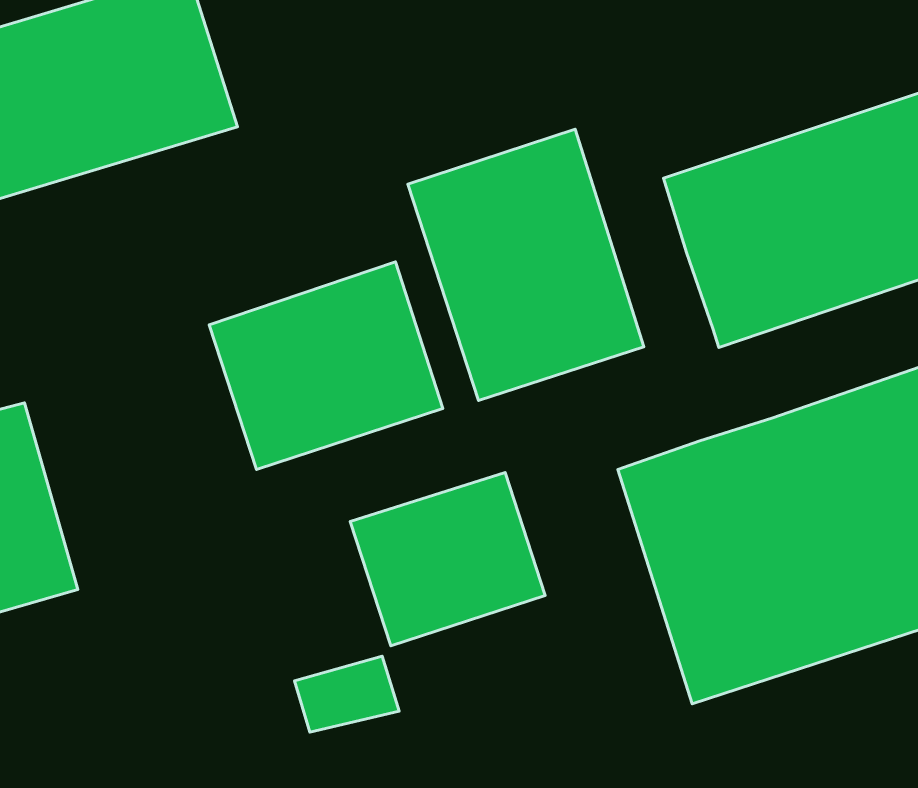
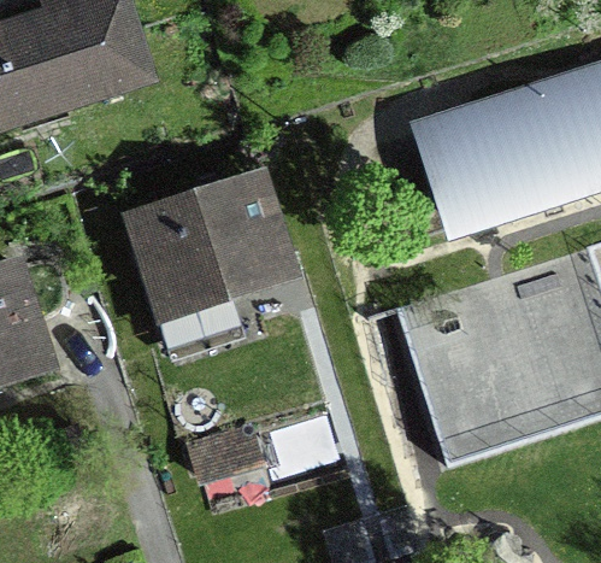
building: [408,129,644,400] -> none
building: [350,472,545,646] -> none

